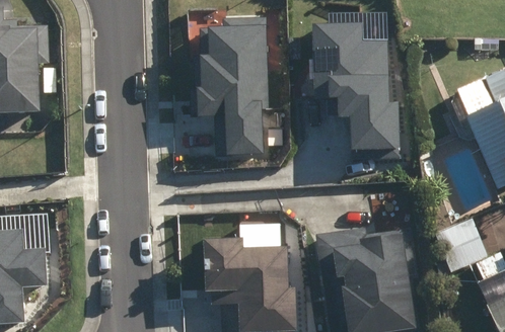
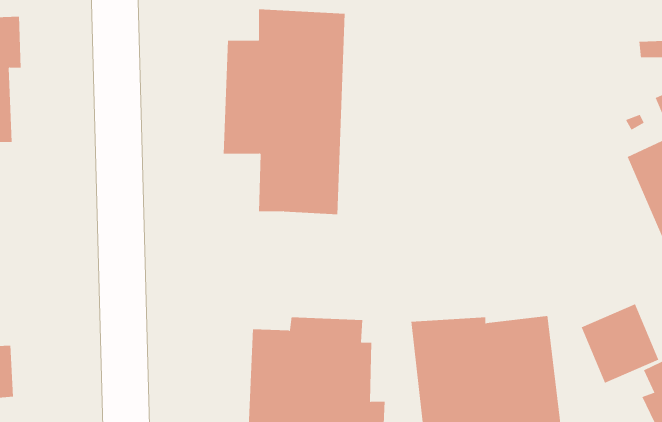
building: [308,27,410,168] -> none

